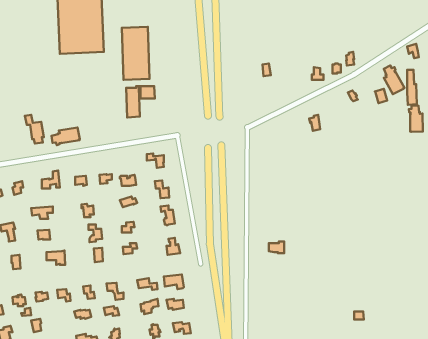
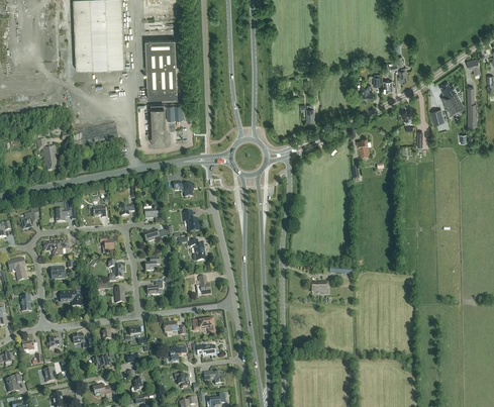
building: [409,106,423,132] -> none
building: [51,128,80,145] -> none

